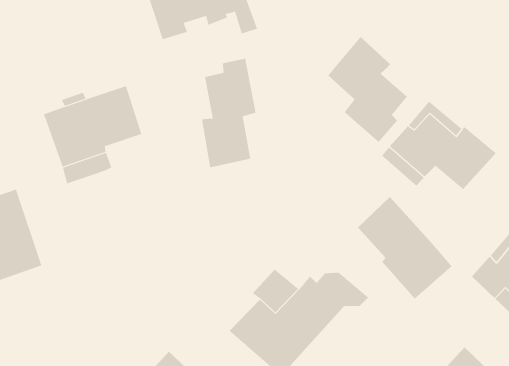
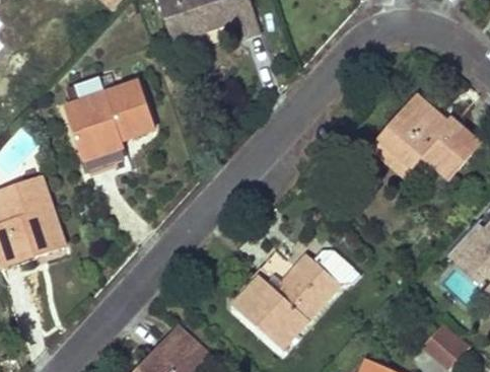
building: [327,36,408,143] -> none
building: [202,58,256,168] -> none
building: [357,196,452,299] -> none

